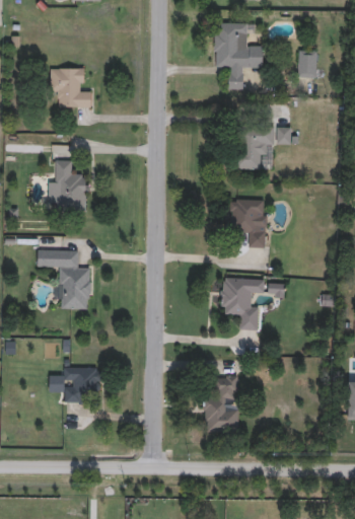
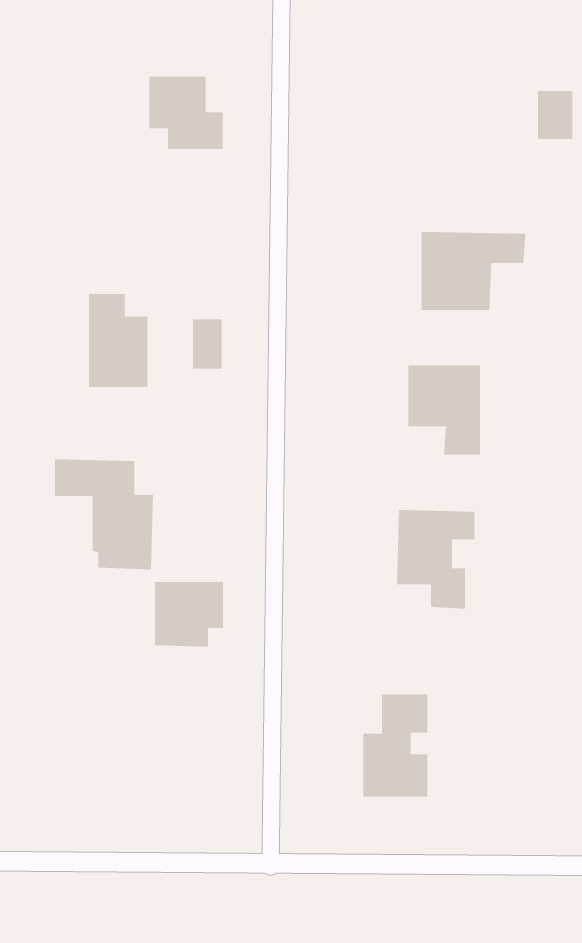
building: [213,22,264,89] -> none
building: [50,68,90,107] -> [148,76,224,149]
building: none -> [193,319,222,369]
building: [63,367,100,402] -> [154,581,224,647]

